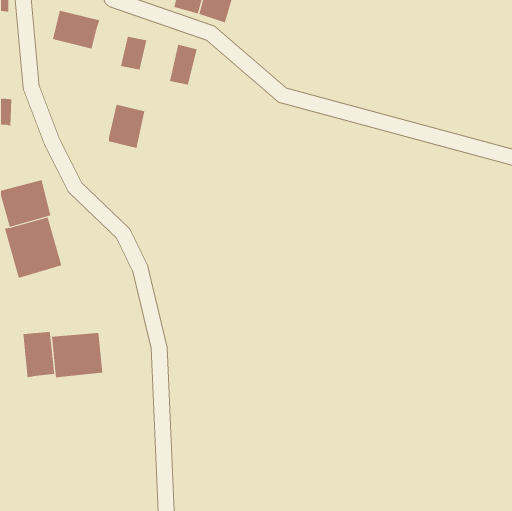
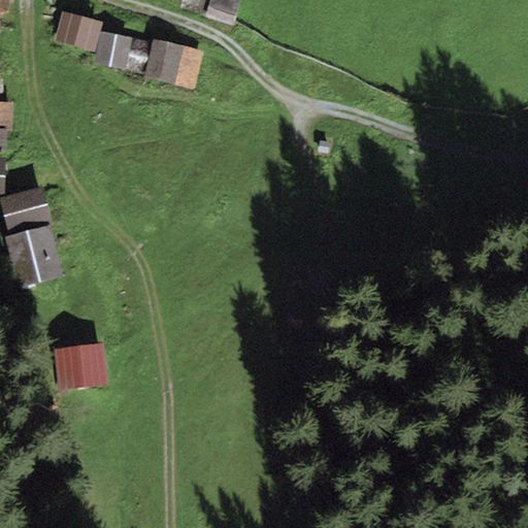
building: none -> [93,30,131,68]
building: [108,104,145,148] -> [144,38,183,84]
building: [23,331,55,378] -> none

